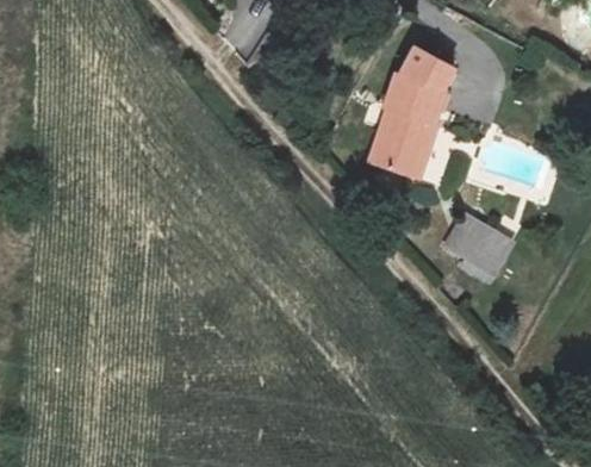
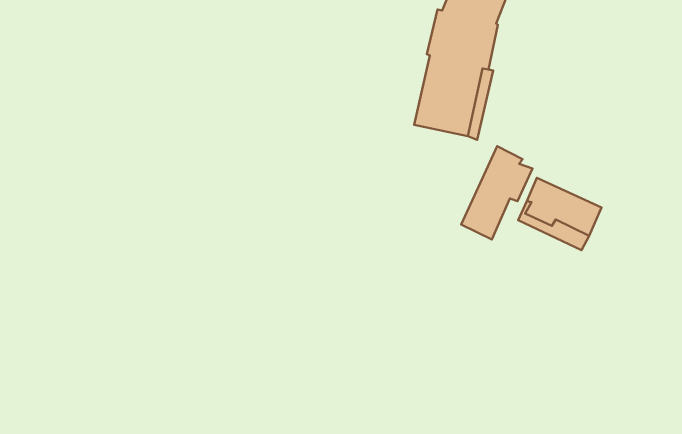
building: none -> [461,146,533,240]

